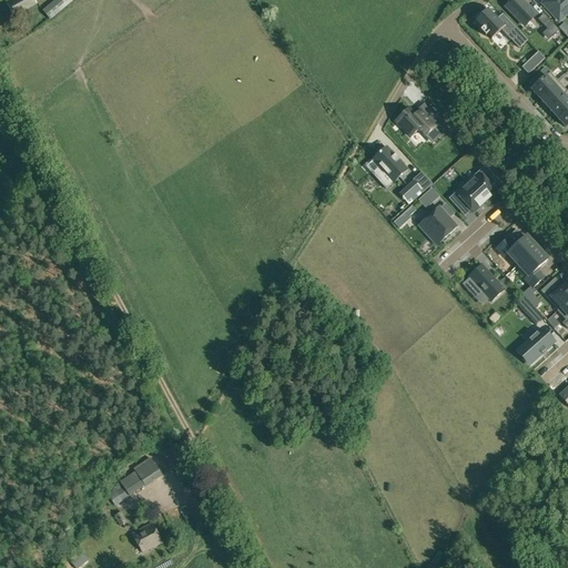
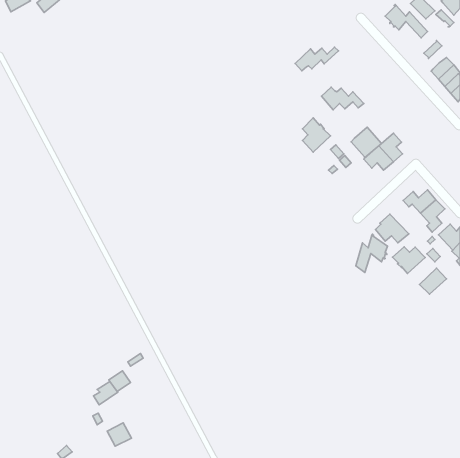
building: none -> [295,47,338,71]
building: [419,205,457,243] -> [351,127,382,158]
building: none -> [356,234,387,272]
building: none -> [392,247,425,274]

